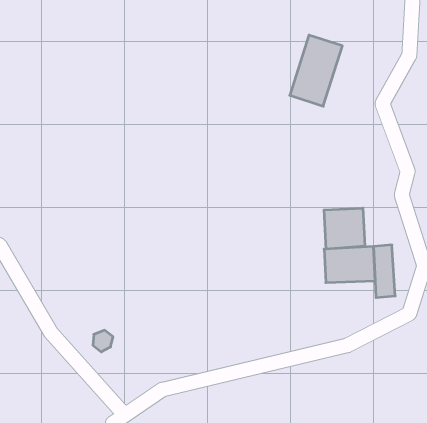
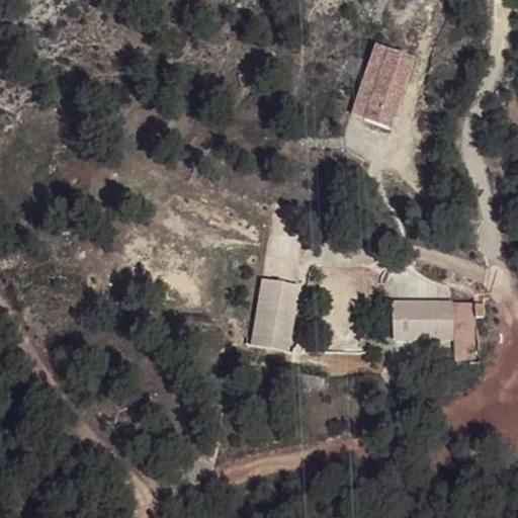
building: [324,208,365,249] -> none
building: none -> [251,278,300,351]

